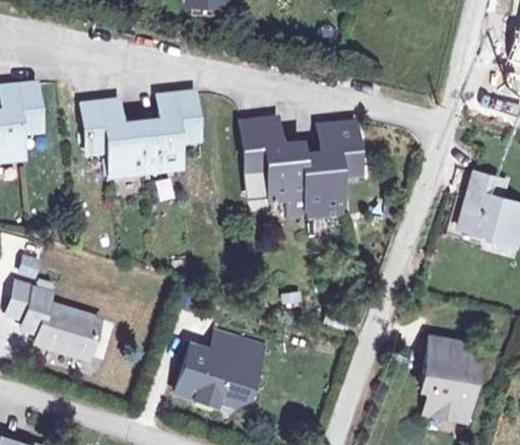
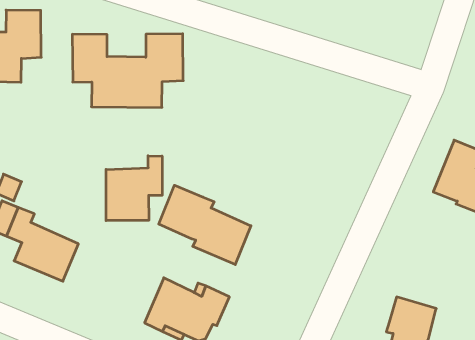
building: [238,119,359,219] -> none
building: none -> [106,156,162,221]
building: none -> [159,185,251,265]

